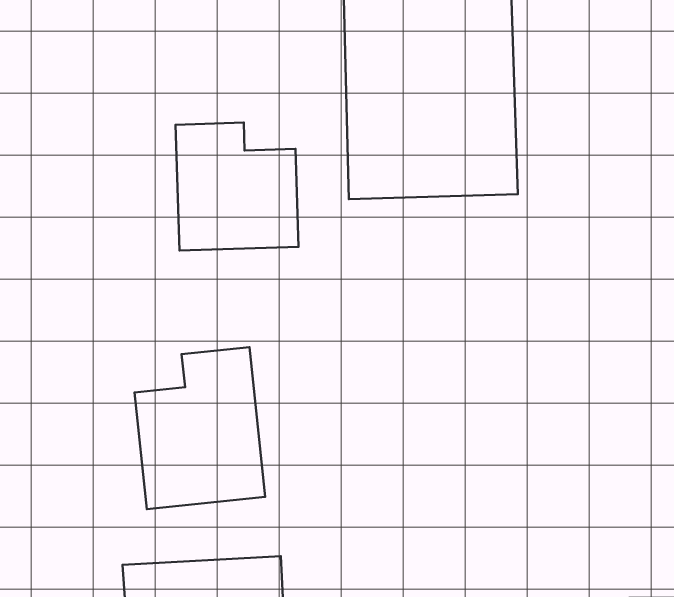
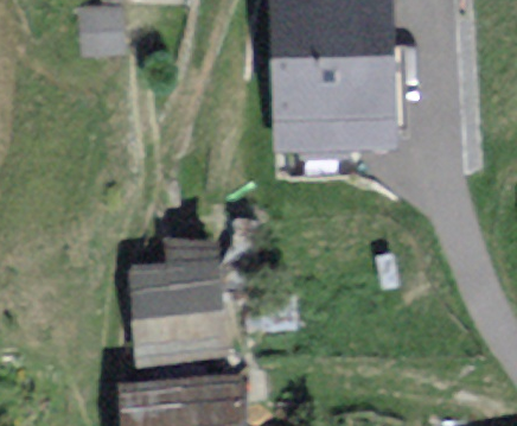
building: [175,123,299,251] -> none

